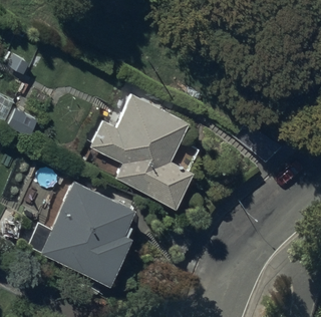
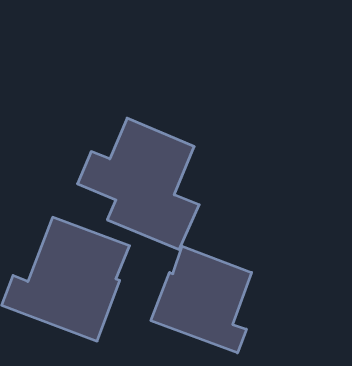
building: none -> [151,246,252,353]

